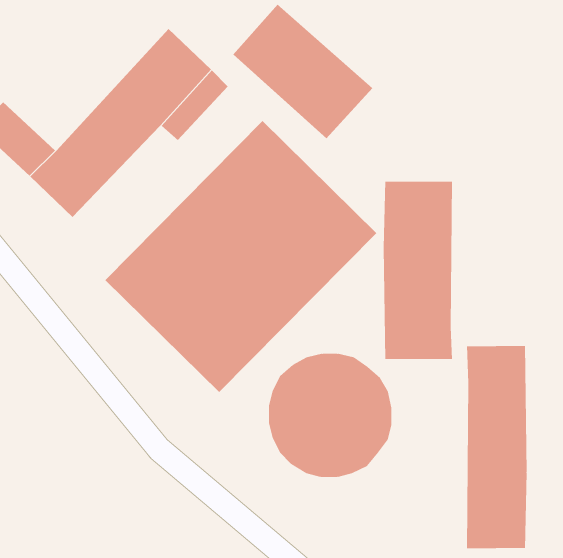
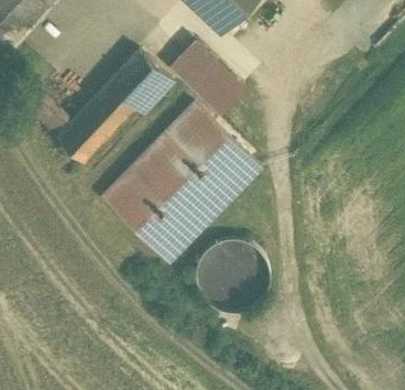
building: [383,181,453,360] -> none
building: [467,345,527,549] -> none

